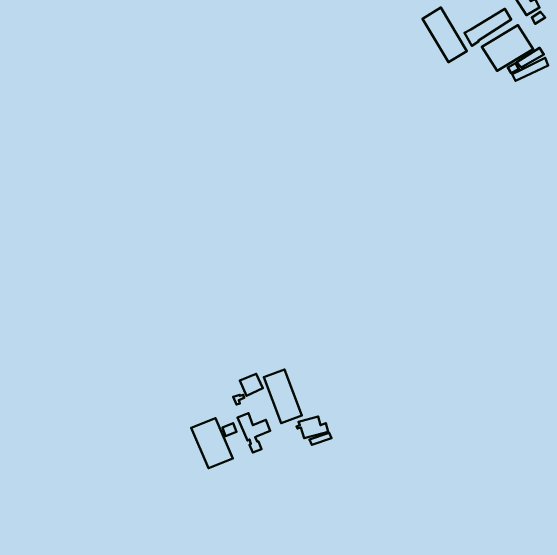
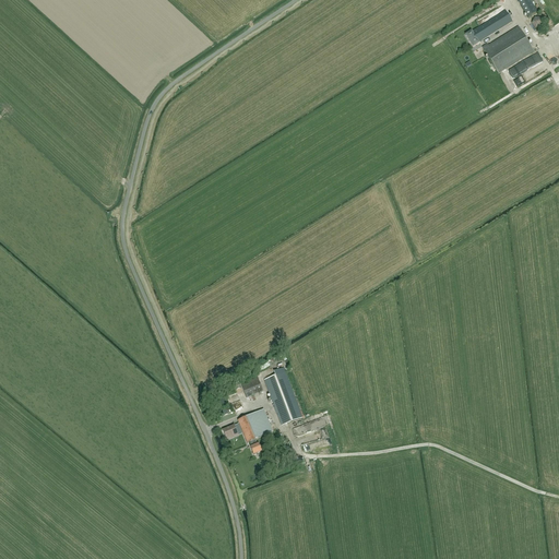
building: [423,8,467,62] -> none
building: [191,418,233,468] -> none

